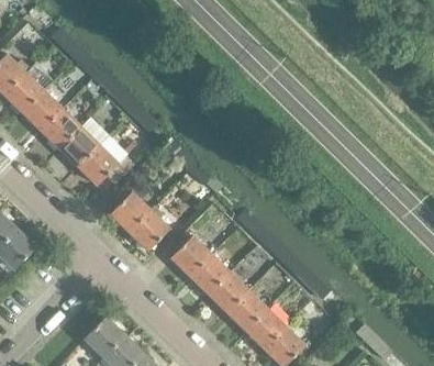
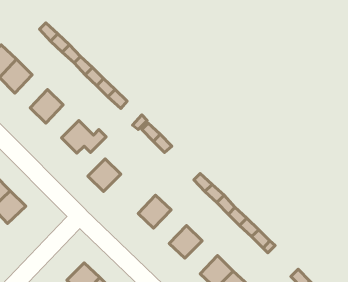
building: [22,91,62,131] -> none
building: [59,127,99,167] -> none
building: [129,207,168,251] -> none
building: [189,254,229,295] -> none
building: [226,291,266,331] -> none

